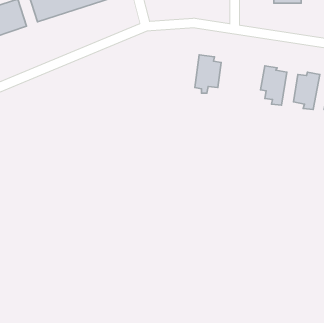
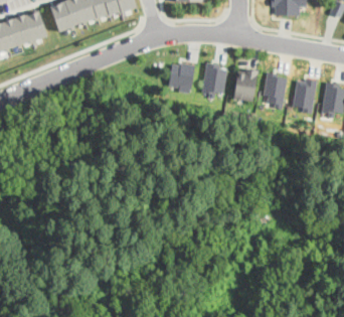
building: none -> [167,62,194,94]
building: none -> [232,68,257,101]

